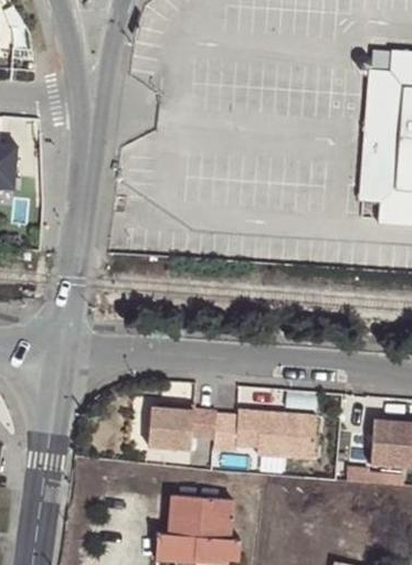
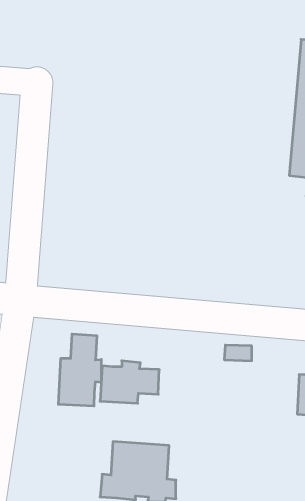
building: none -> [58,334,101,406]
building: [212,412,315,460] -> none

